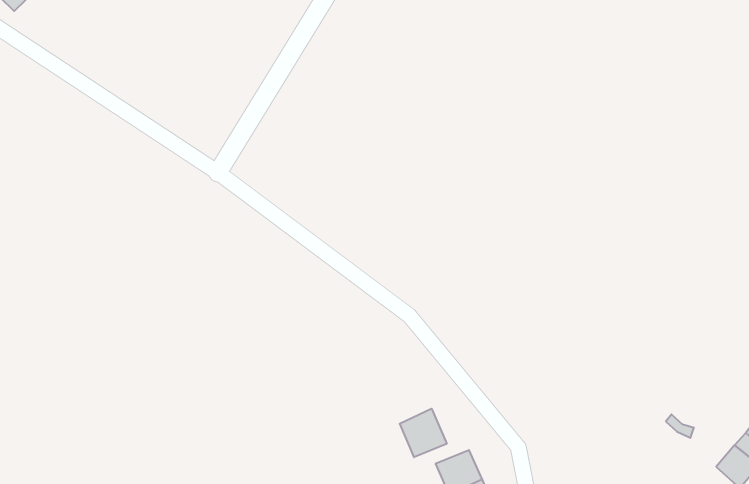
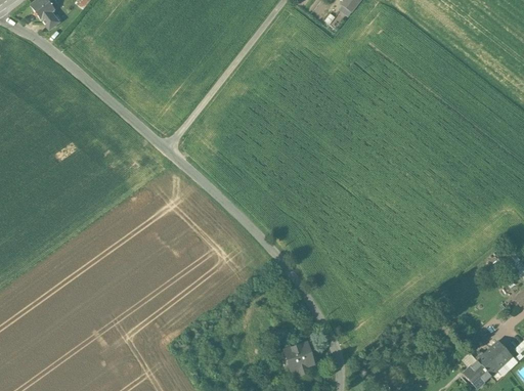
building: [400,409,447,457] -> none

